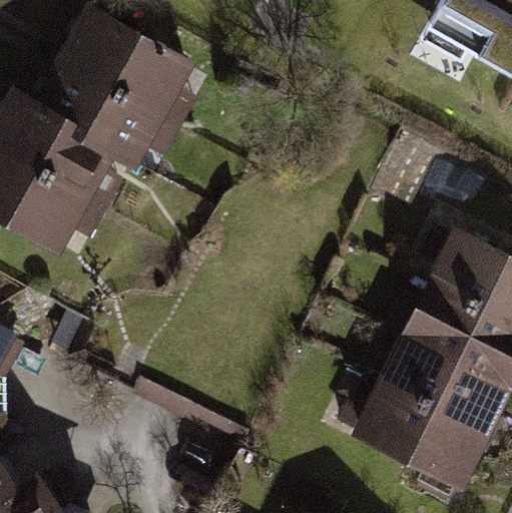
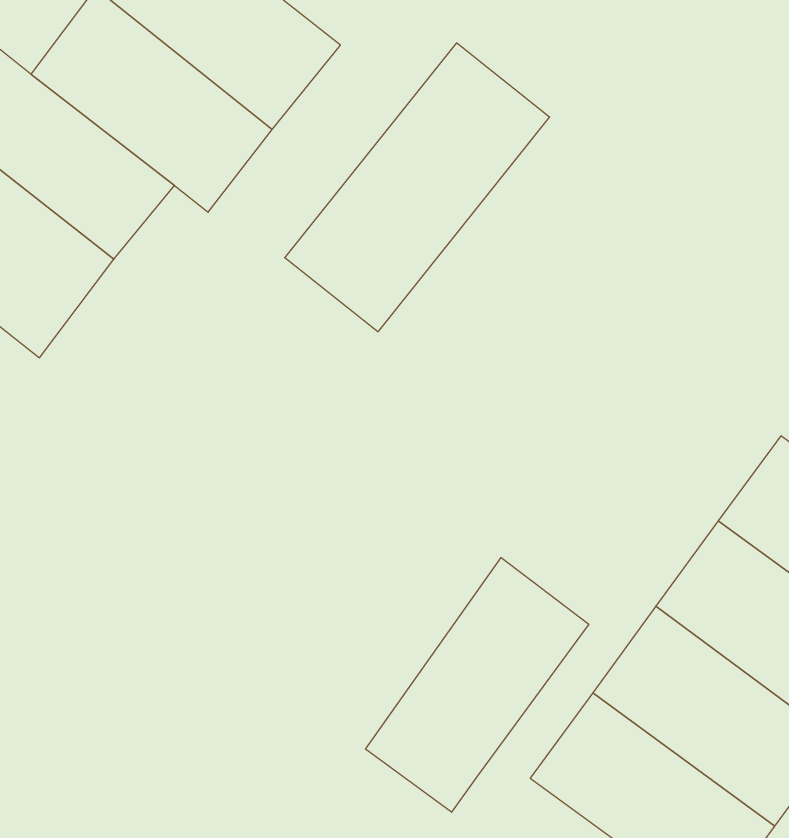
building: none -> [285,43,550,332]
building: none -> [366,558,589,812]

